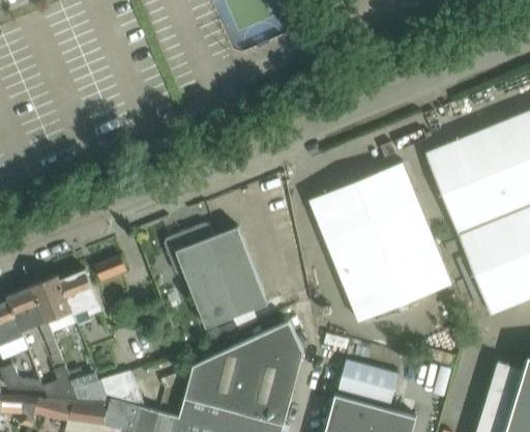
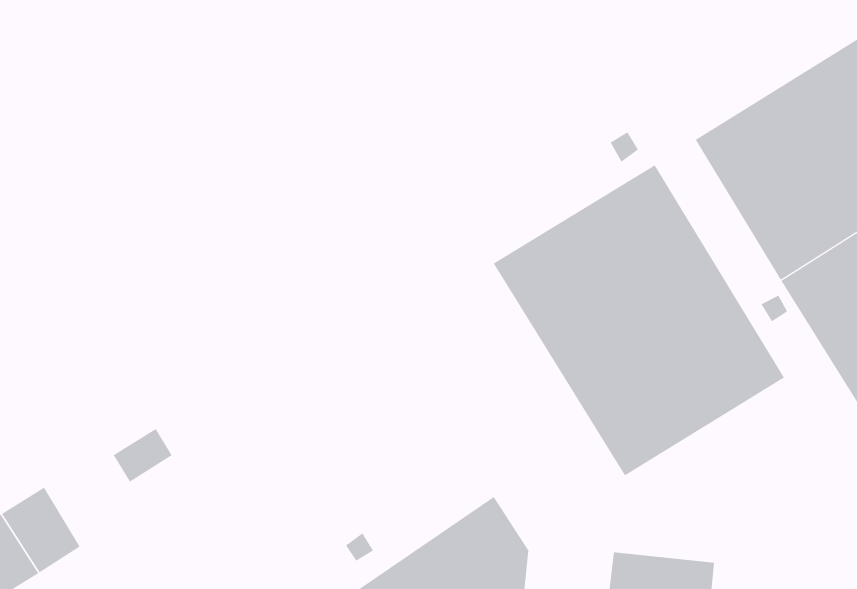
building: [165,224,268,328] -> none
building: [57,270,102,316] -> none

